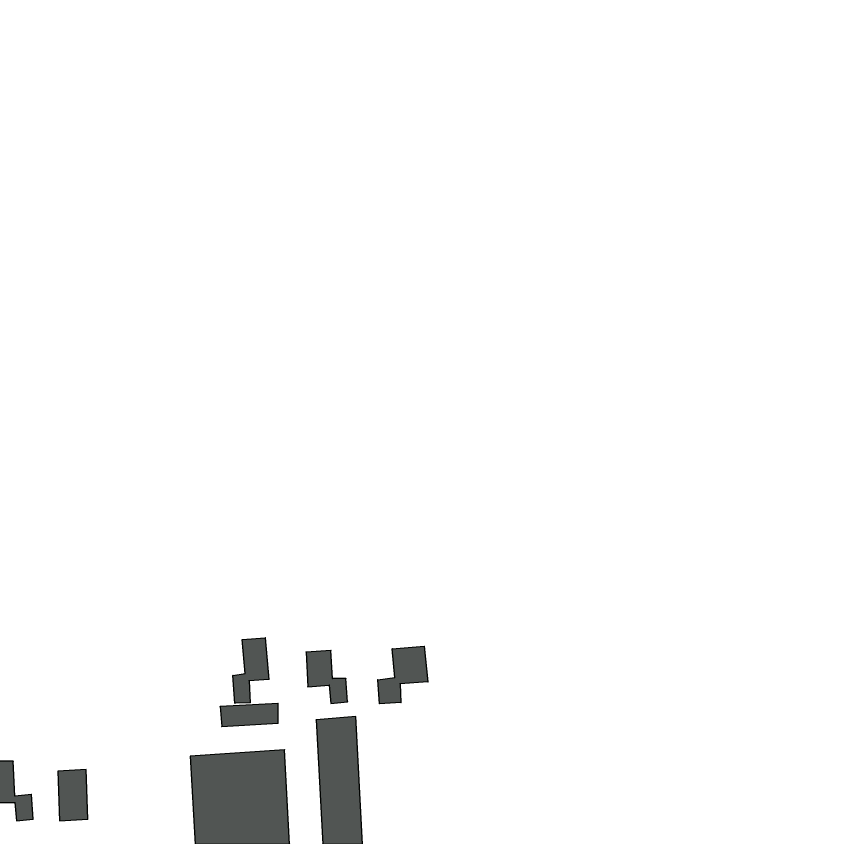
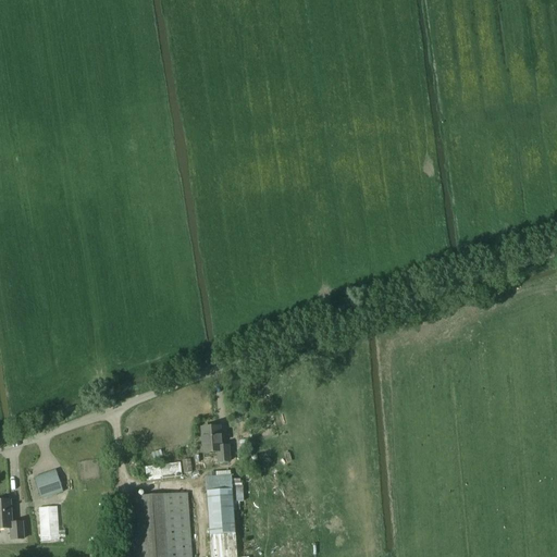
building: [233,638,269,703] -> none
building: [378,646,428,704] -> none
building: none -> [34,470,62,498]

